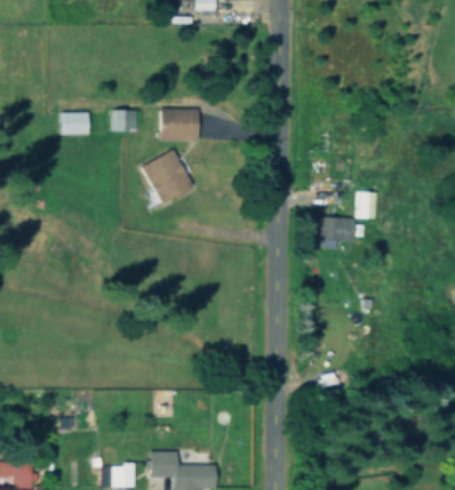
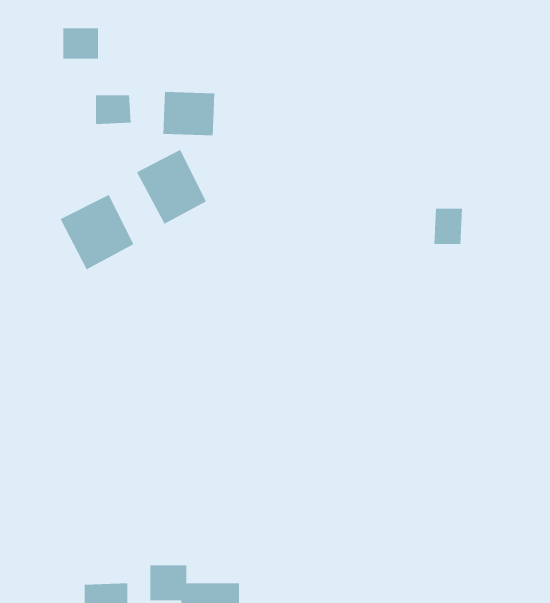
building: [60,113,86,136] -> [63,28,99,59]
building: none -> [60,194,134,270]
building: [322,219,364,249] -> none

